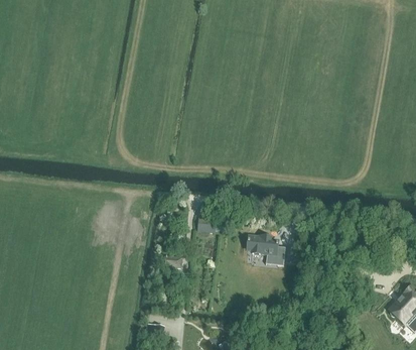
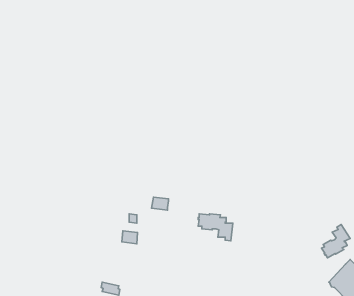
building: none -> [321,224,350,258]

